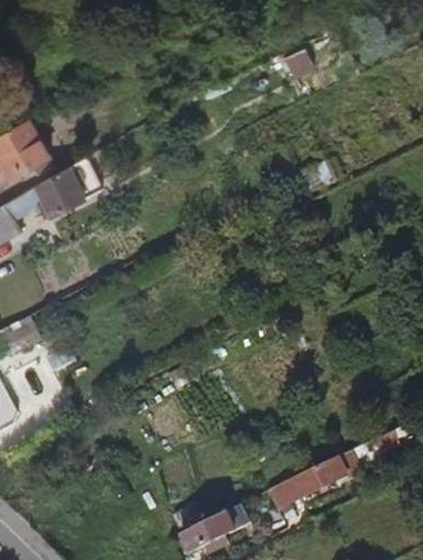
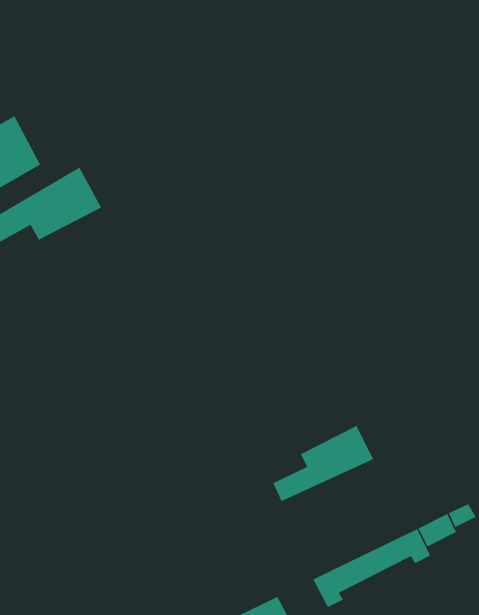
building: none -> [272,425,374,502]

